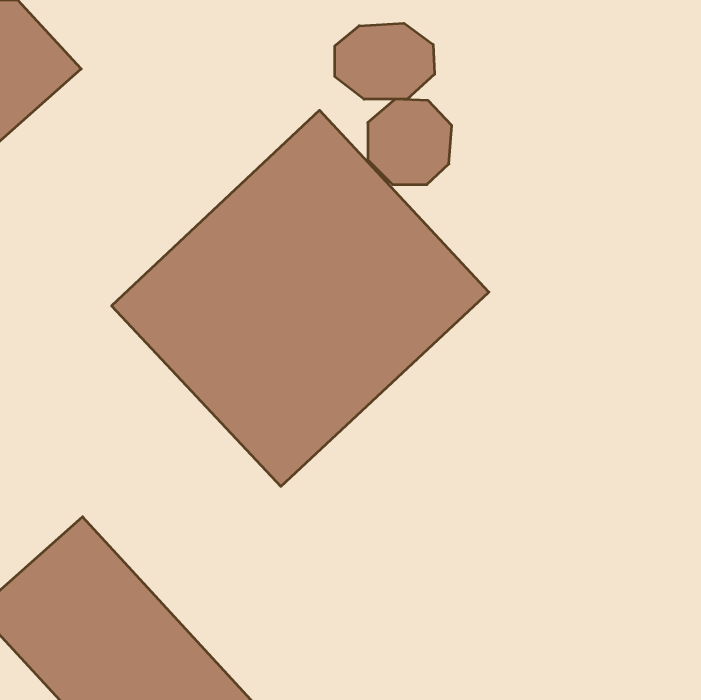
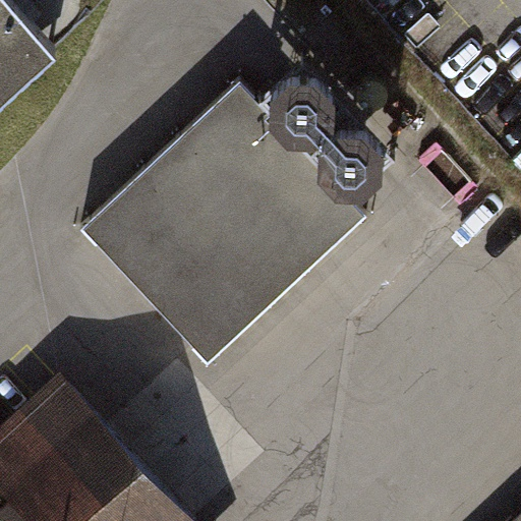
building: [335,23,435,99] -> none
building: none -> [320,129,382,191]

